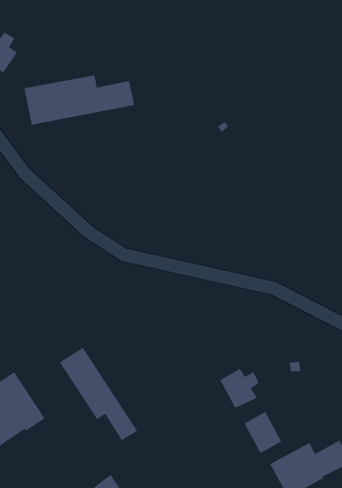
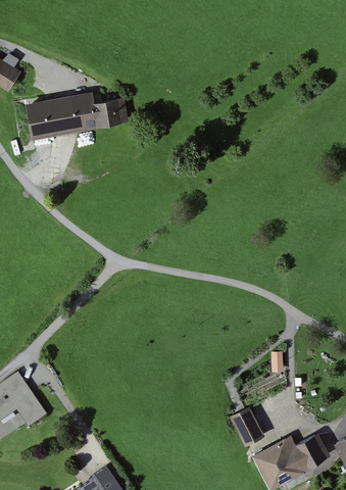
building: [59,347,138,441] -> none
building: [219,368,260,409] -> none

